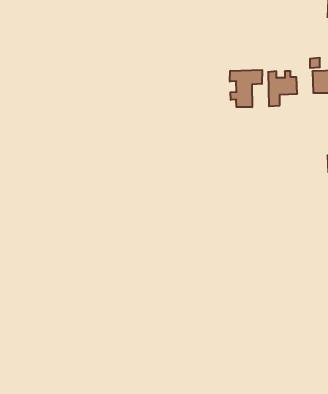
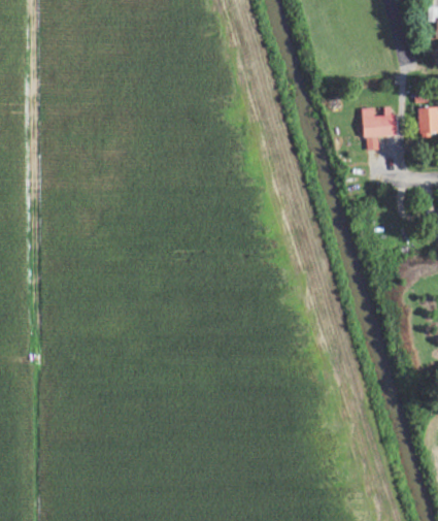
building: [230,70,262,107] -> none

